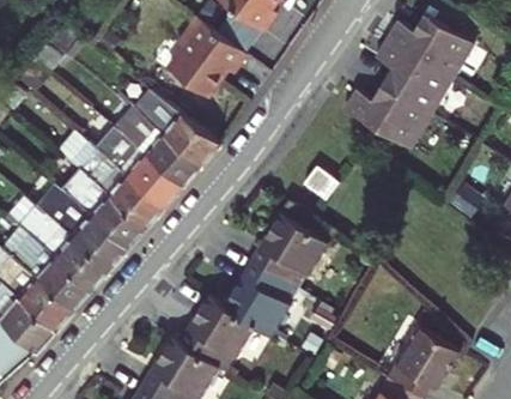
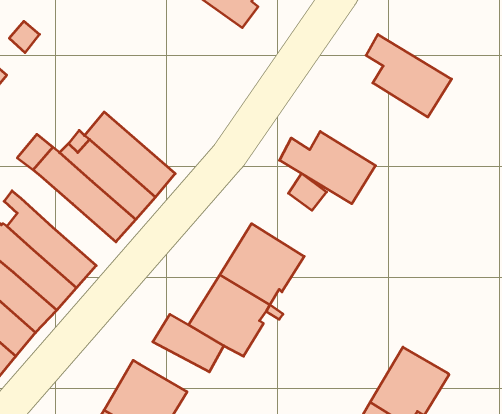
building: [388,16,476,81] -> none
building: [169,19,249,99] -> none
building: [346,85,433,151] -> [279,131,376,204]
building: [139,93,224,168] -> none
building: [63,170,150,252] -> none
building: [171,321,235,370] -> none

